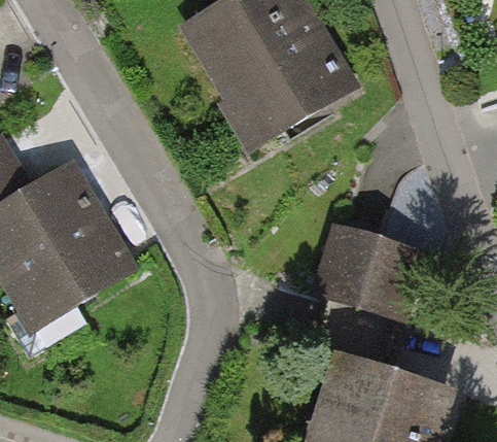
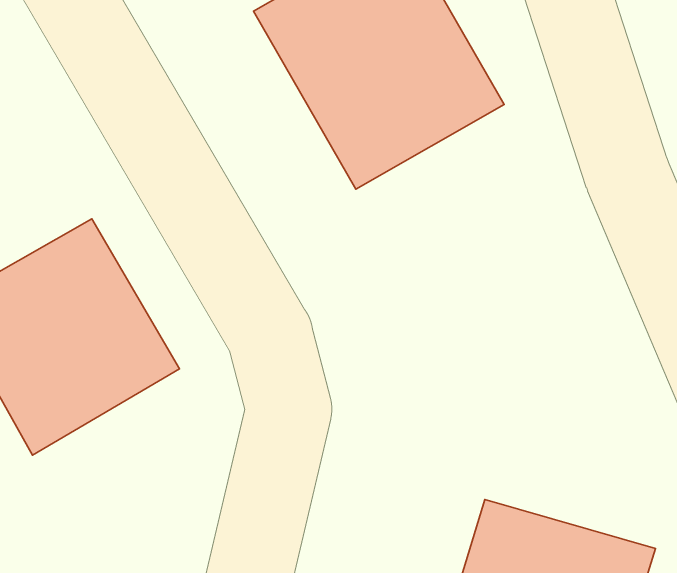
building: [313,223,431,319] -> none

